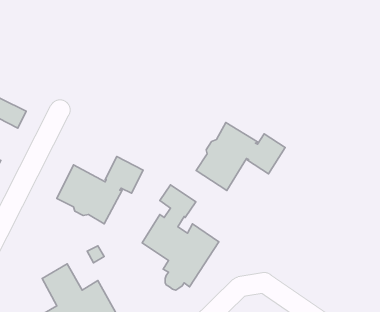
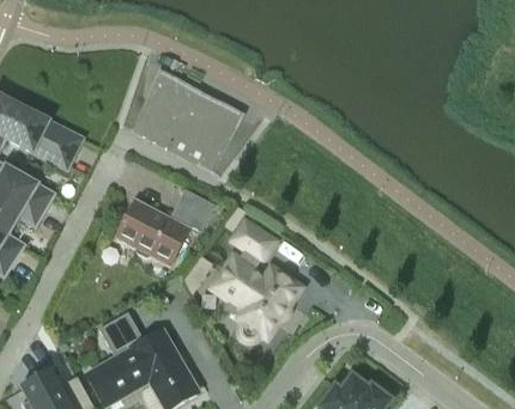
building: none -> [131,73,240,169]
building: [196,123,285,190] -> none

